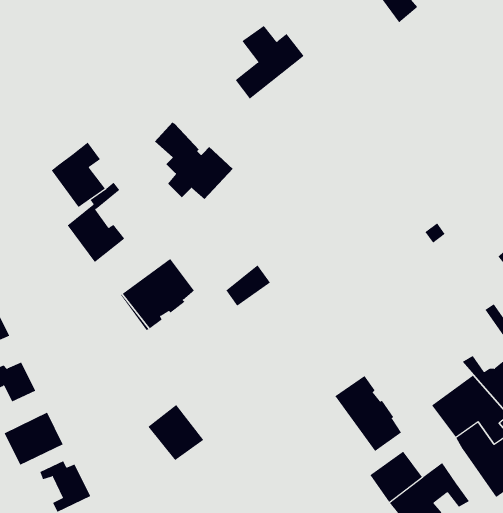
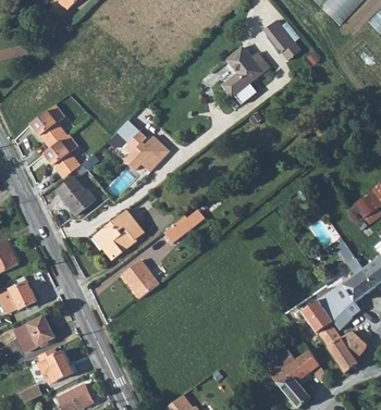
building: [235,25,305,100] -> [220,49,267,99]
building: none -> [33,103,70,149]
building: [334,375,402,452] -> none
building: [147,404,204,461] -> [122,261,160,299]

